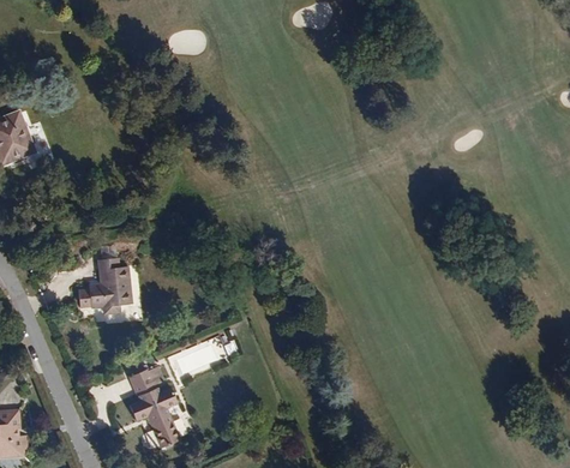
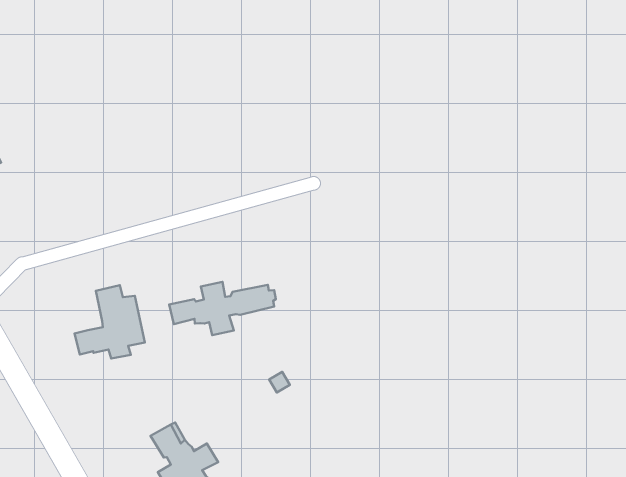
building: none -> [169,282,276,335]

